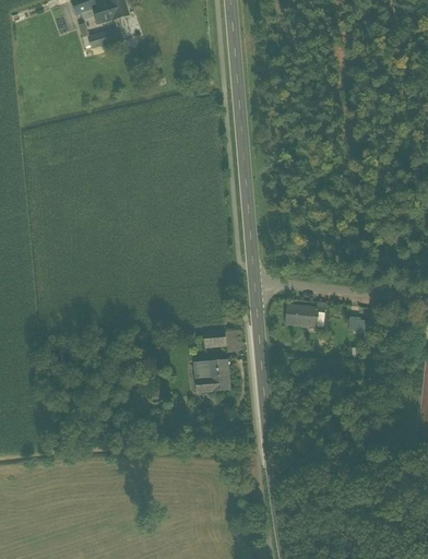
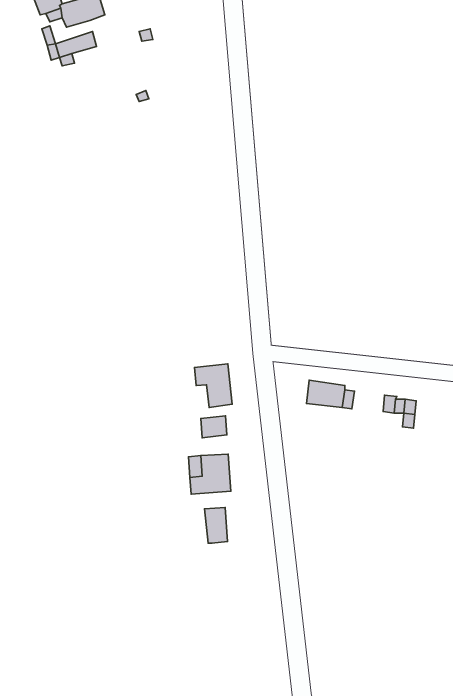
building: none -> [194,364,232,407]
building: none -> [205,507,227,543]

